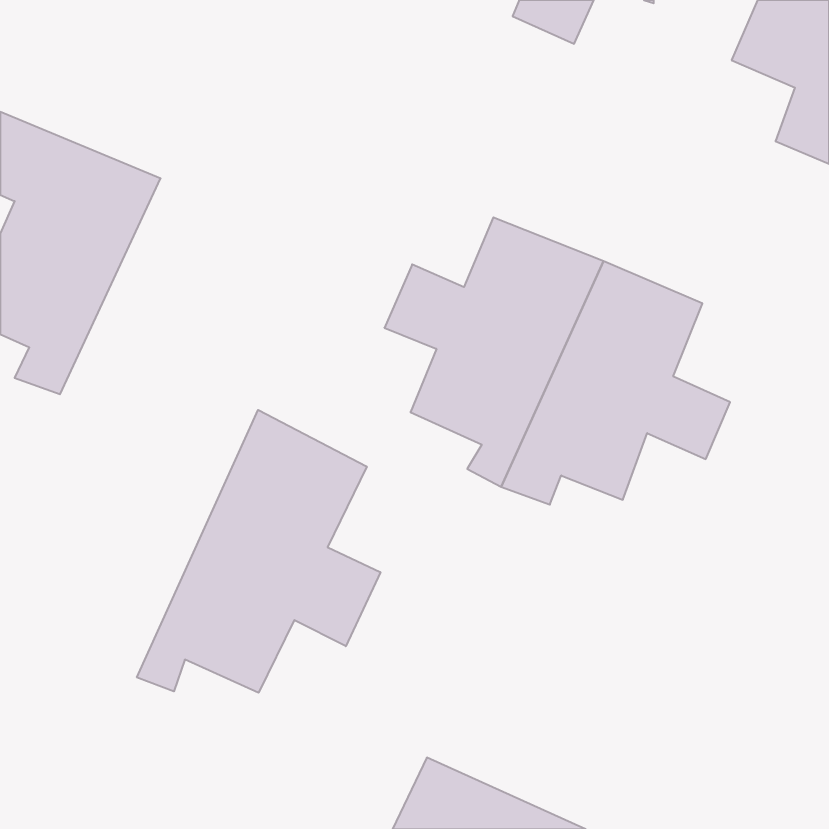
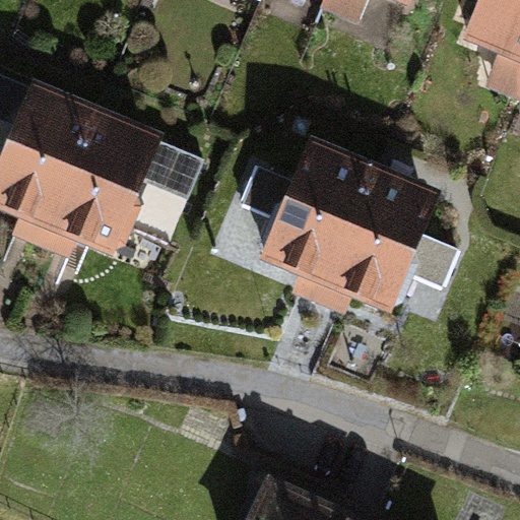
building: none -> [38,112,206,259]
building: [137,410,380,693] -> none

